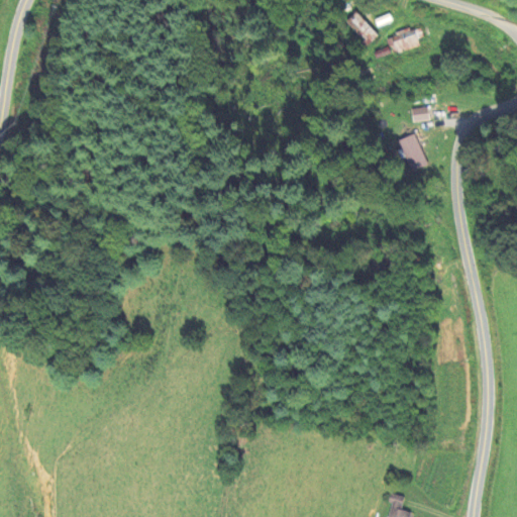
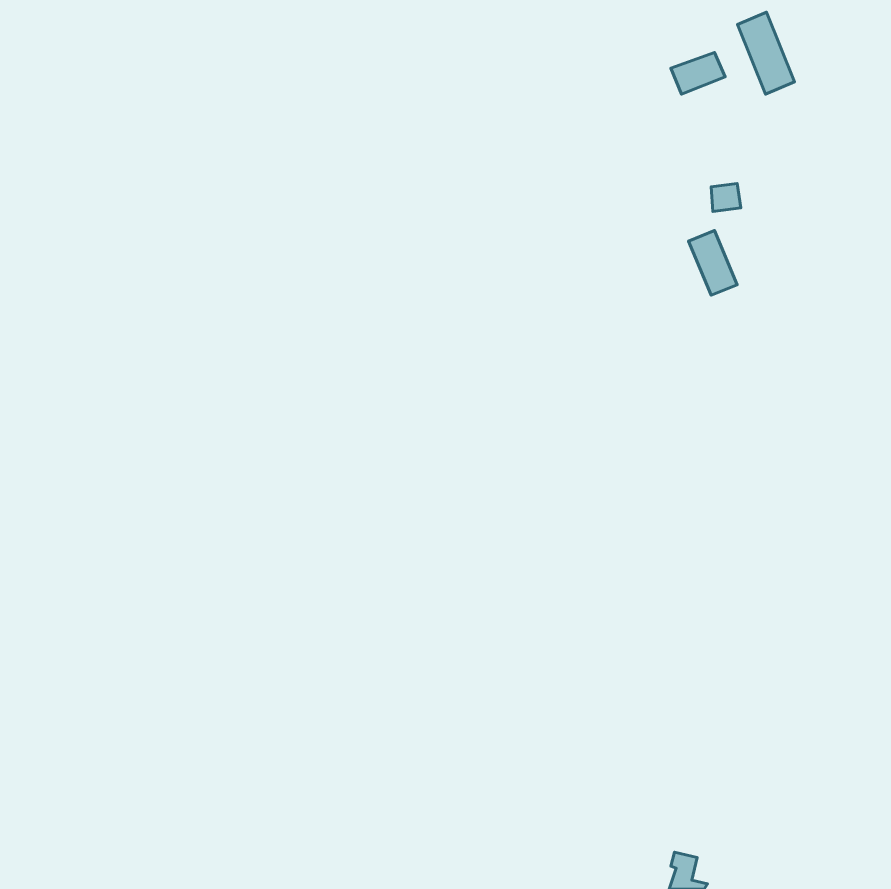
building: none -> [738,12,794,94]
building: [344,11,378,44] -> none

